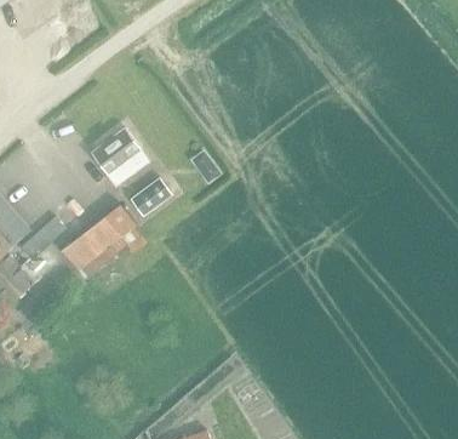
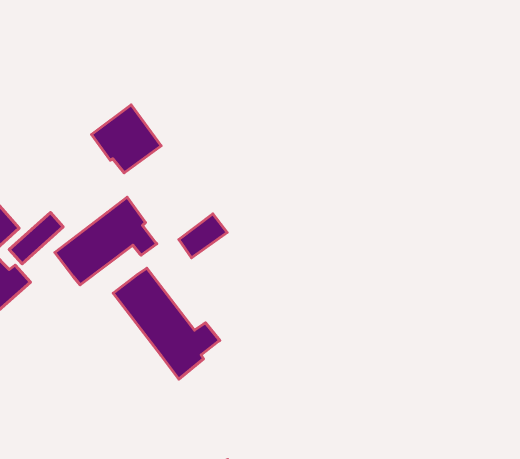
building: [131,178,172,216] -> [179,214,227,258]
building: none -> [113,268,220,379]

